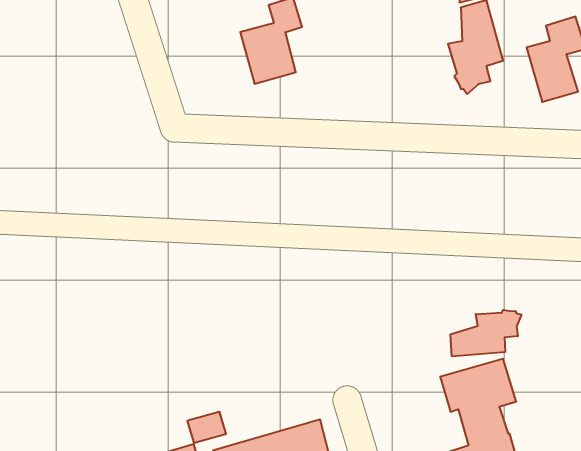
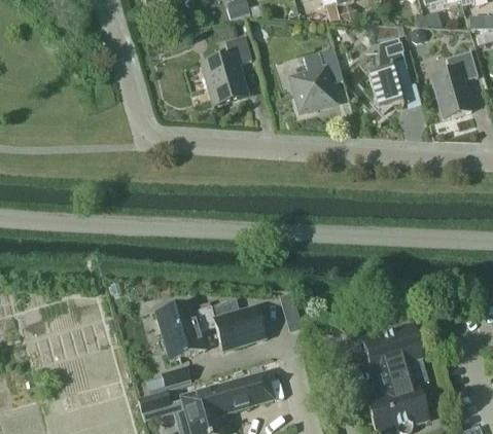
building: none -> [290,48,343,112]
building: [451,310,521,356] -> none
building: none -> [154,299,266,360]

